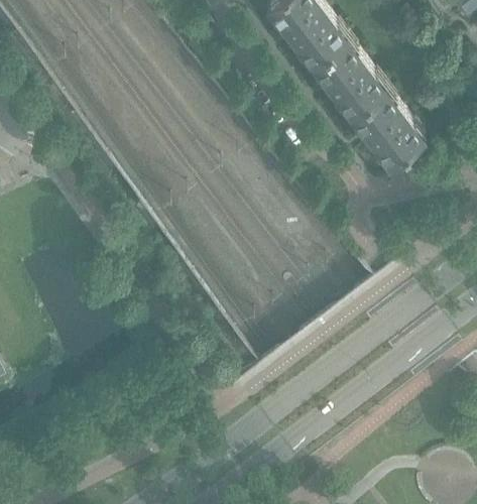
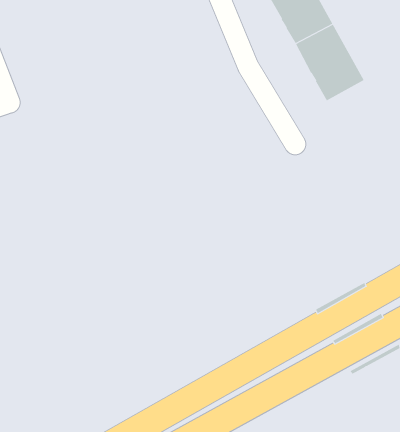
building: [348,91,424,171] -> none

